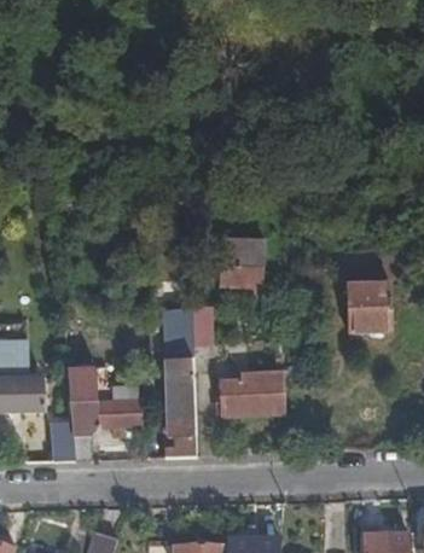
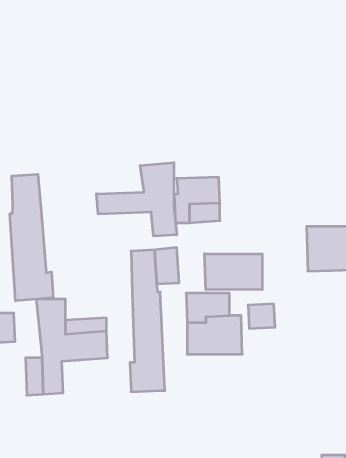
building: none -> [96,163,177,236]
building: none -> [10,174,53,301]
building: none -> [204,254,262,290]

